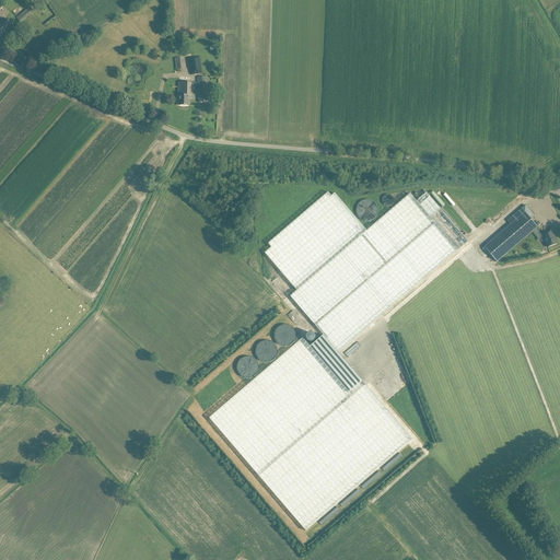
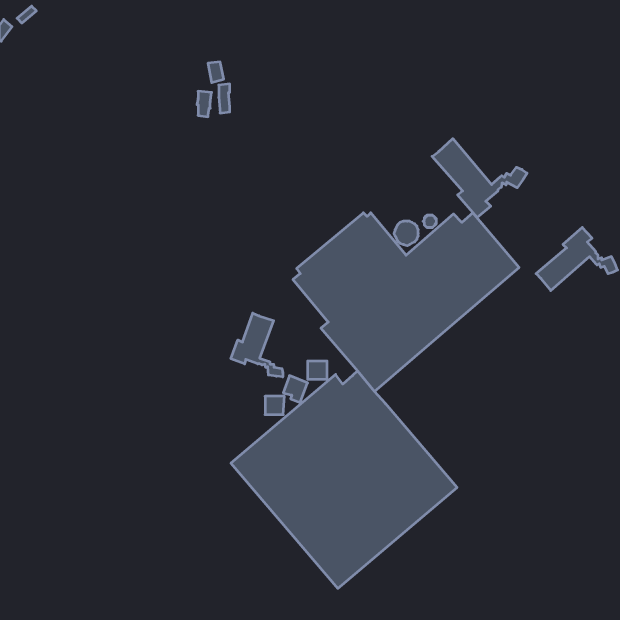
building: none -> [432,139,527,218]
building: none -> [231,313,283,377]

